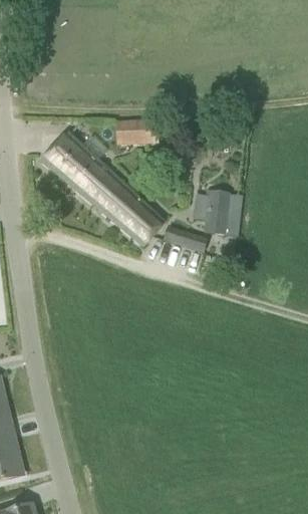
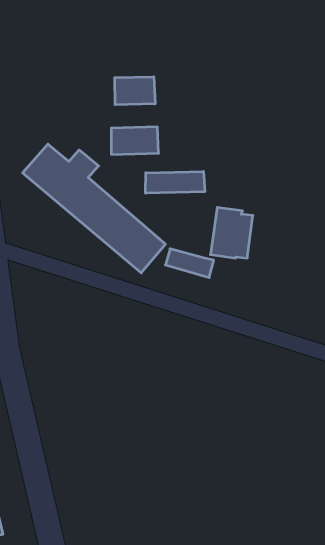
building: none -> [115,77,155,105]
building: none -> [146,171,205,193]

